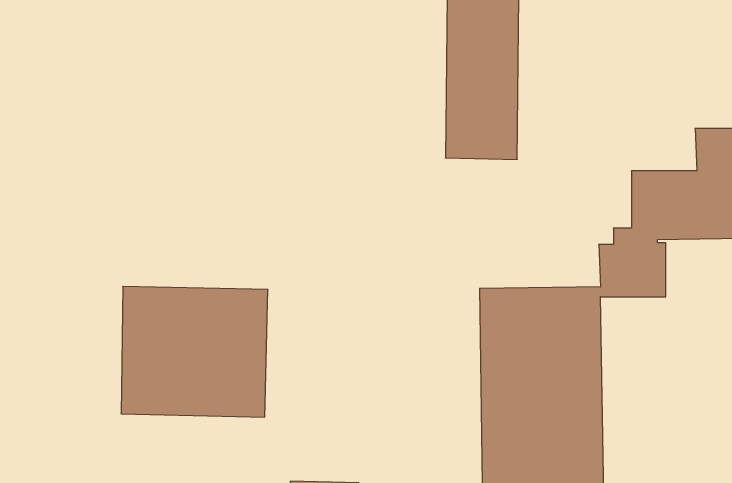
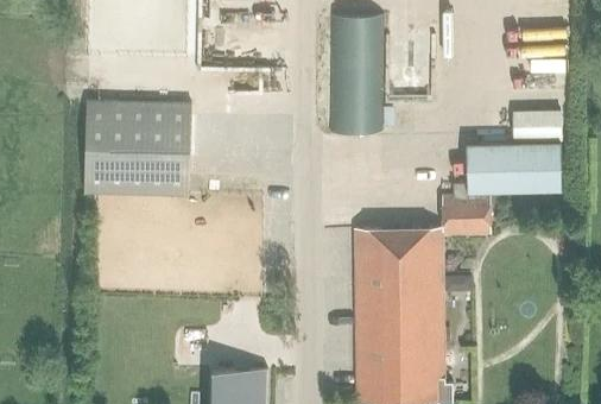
building: [121,286,268,417] -> [84,100,191,195]

